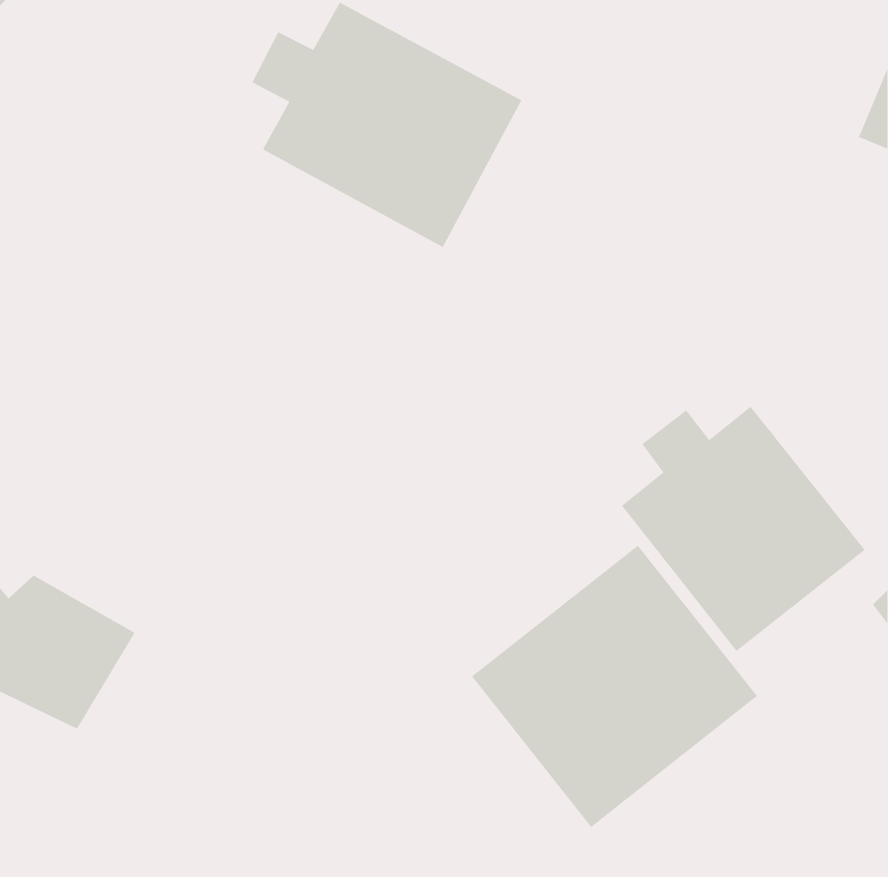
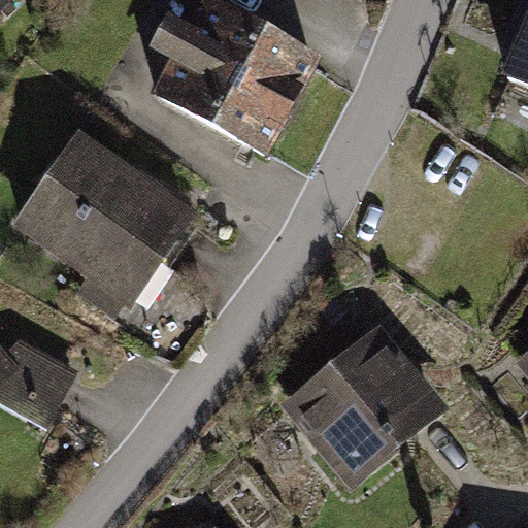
building: none -> [18,132,198,322]
building: [621,406,866,652] -> none

